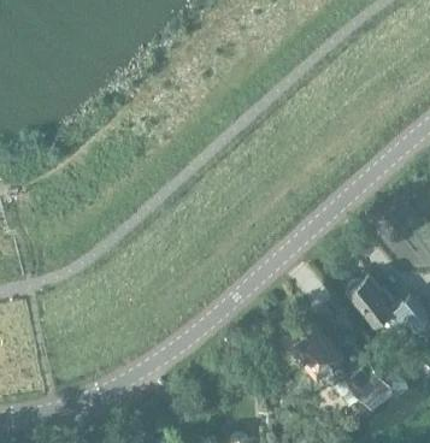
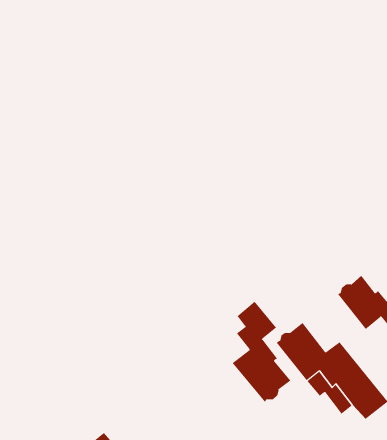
building: none -> [232,301,291,403]

